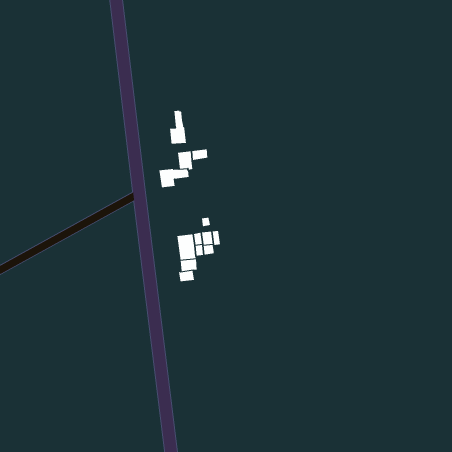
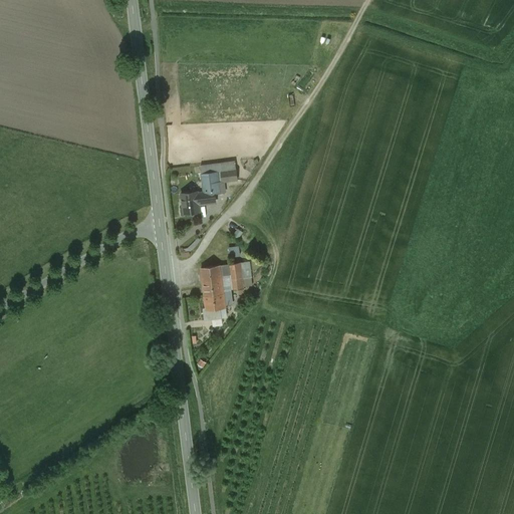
building: [170,110,186,145] -> none

